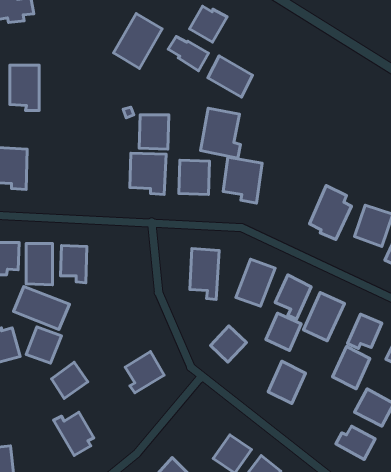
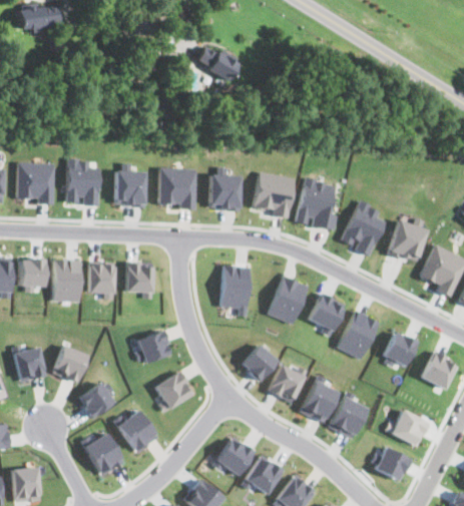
building: [189,6,227,42] -> none
building: [114,13,162,68] -> none
building: [208,56,253,97] -> none
building: [10,65,39,110] -> [67,159,97,205]
building: [200,108,241,158] -> [297,178,338,229]
building: [139,115,169,149] -> [115,170,145,205]
building: none -> [125,262,153,298]
building: [13,286,69,329] -> none
building: none -> [135,330,171,363]
building: [266,313,301,350] -> [269,365,305,403]
building: [333,347,370,389] -> [330,396,368,439]
building: none -> [113,409,159,453]
building: none -> [214,435,256,478]

